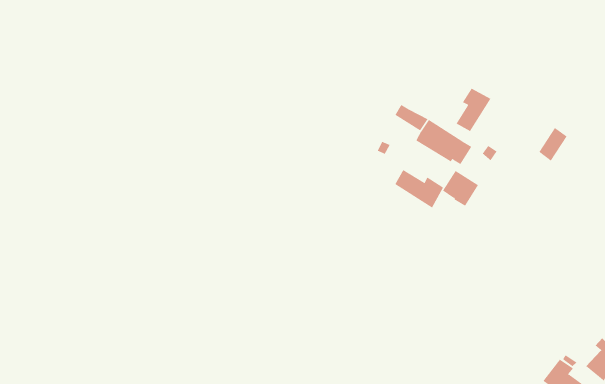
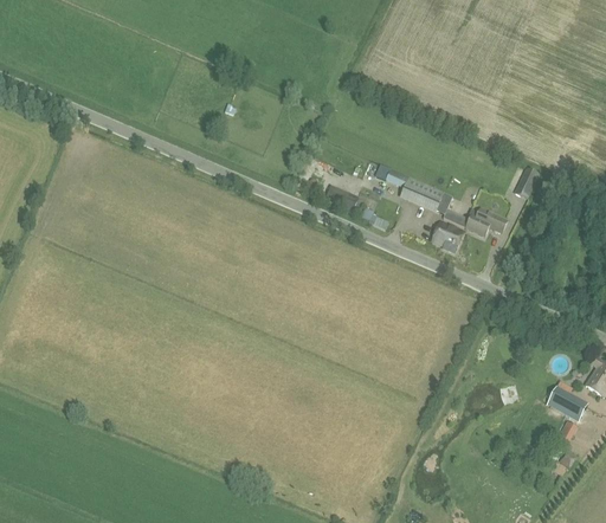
building: [456,88,491,132] -> none
building: none -> [466,208,507,237]
building: [394,169,444,208] -> none

